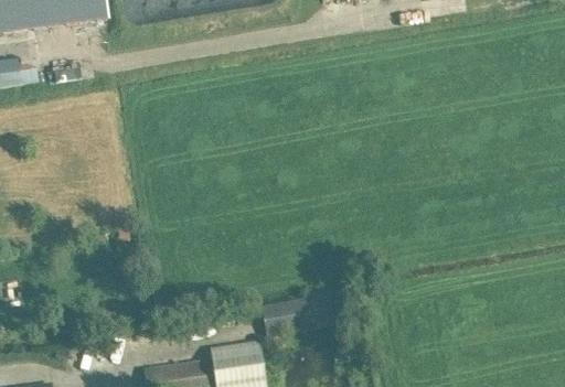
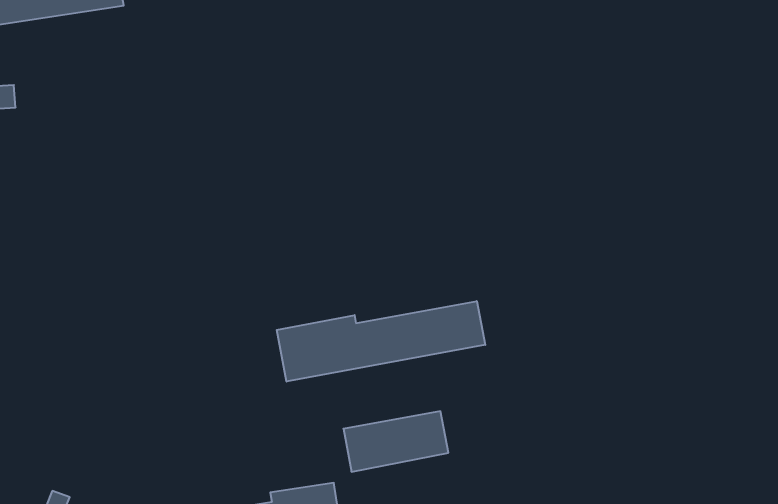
building: none -> [277,301,485,382]

